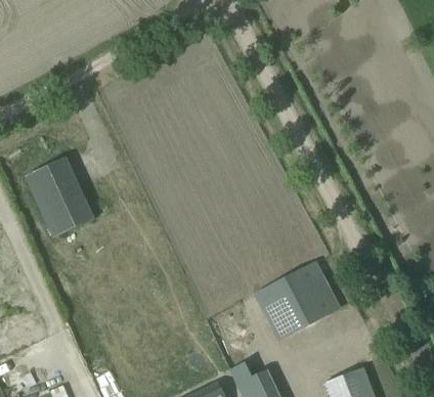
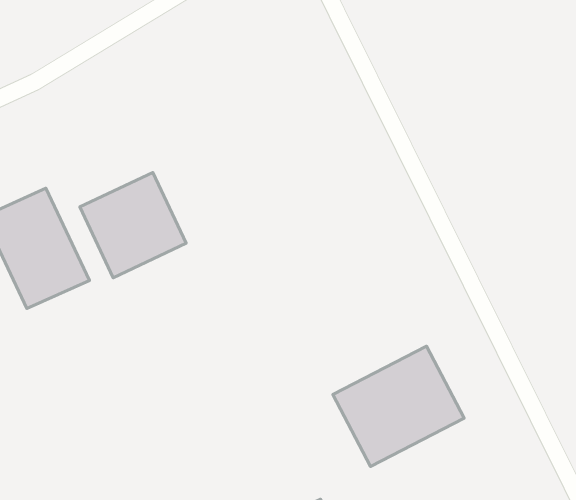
building: none -> [80,172,186,278]

